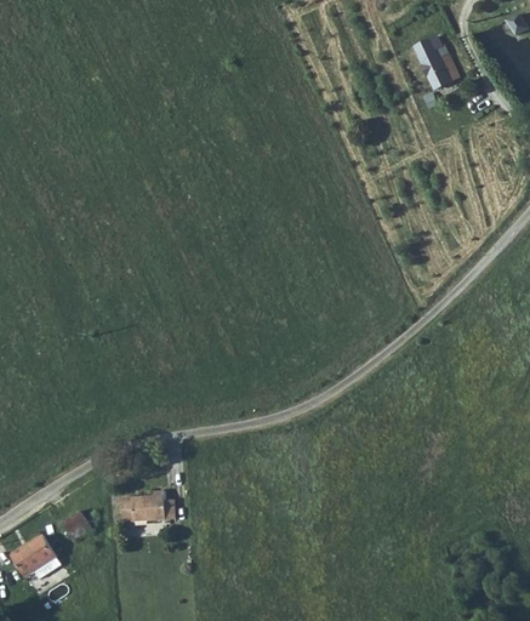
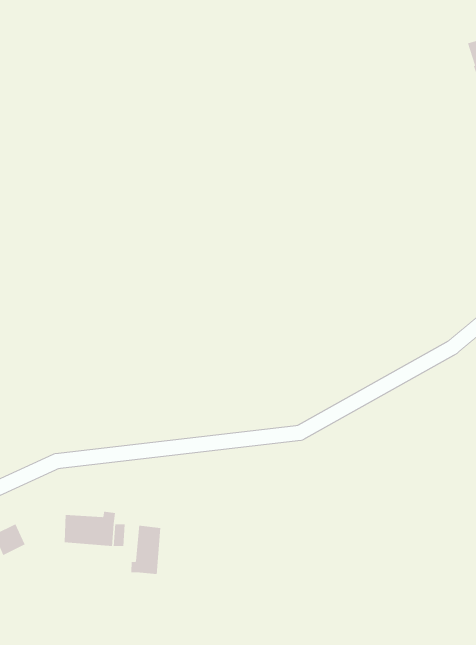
building: none -> [131,525,161,575]

